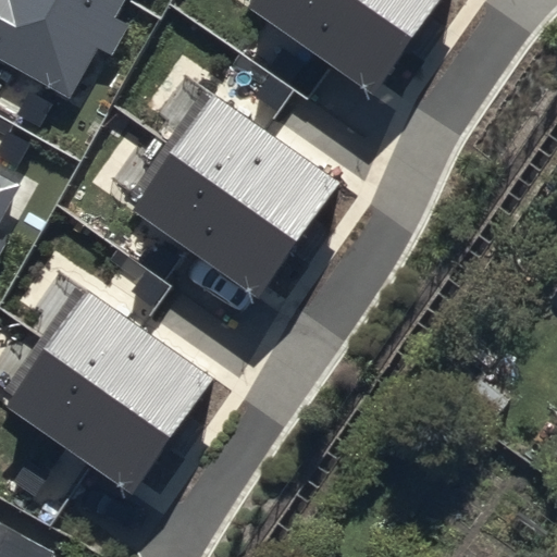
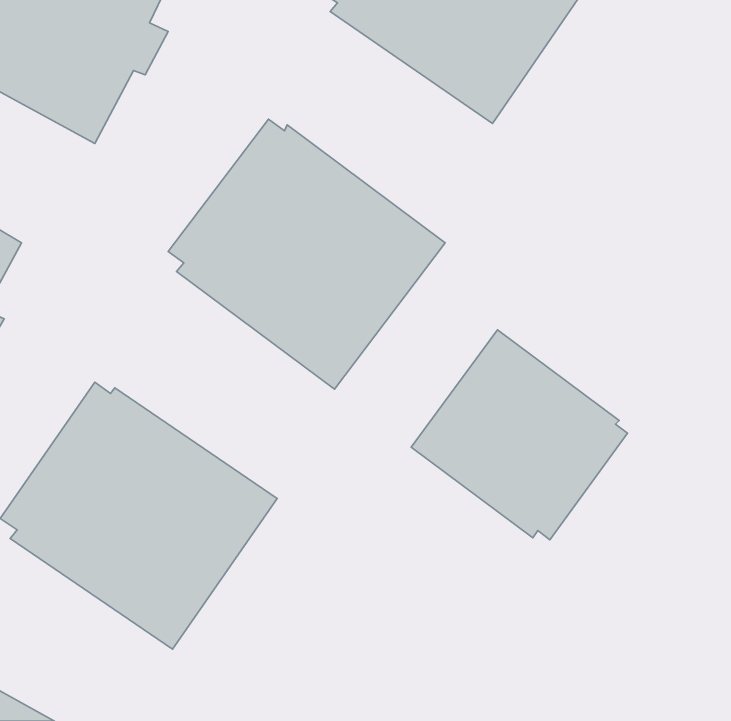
building: none -> [411,330,628,540]

